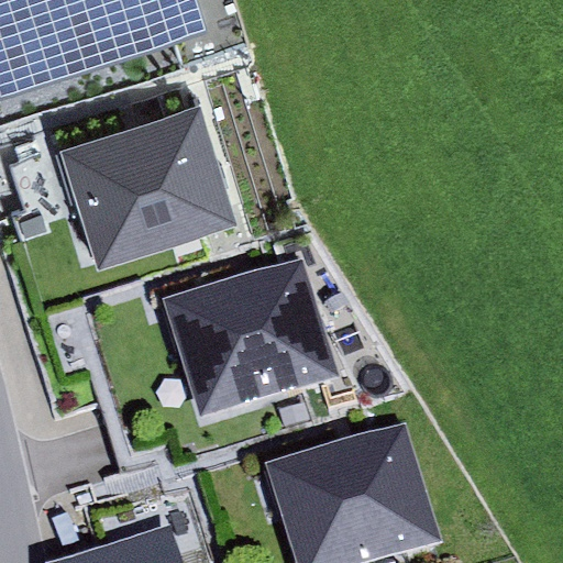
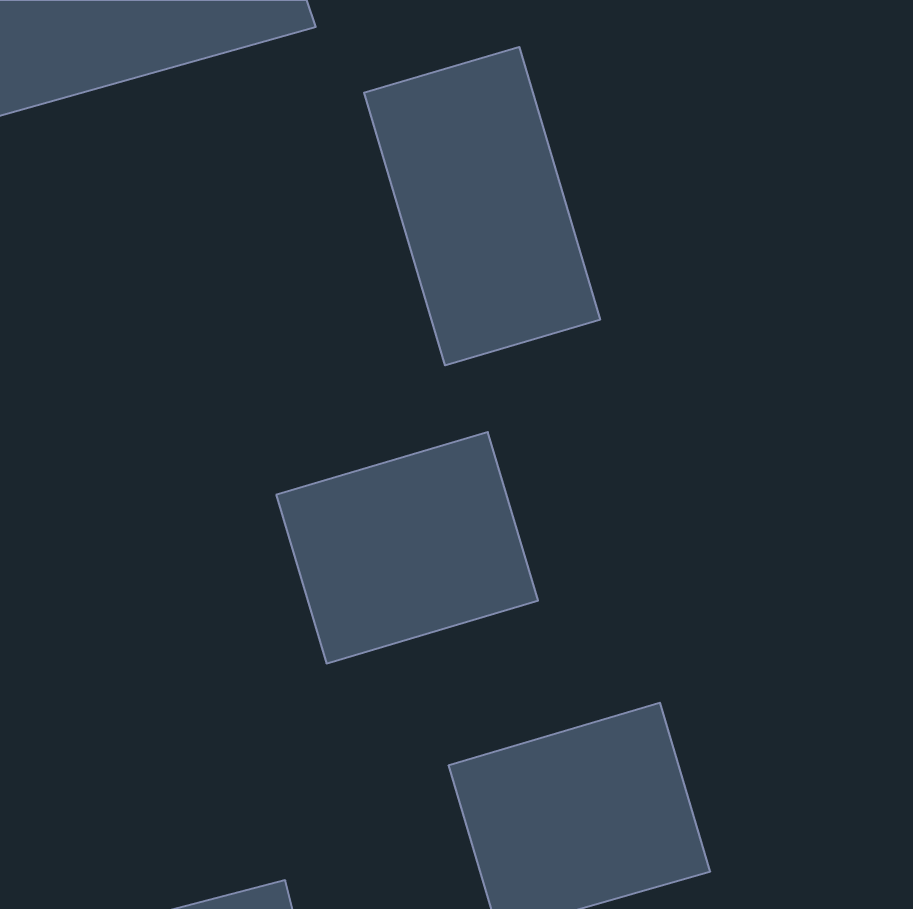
building: none -> [364,47,600,365]
building: [67,108,228,250] -> none

